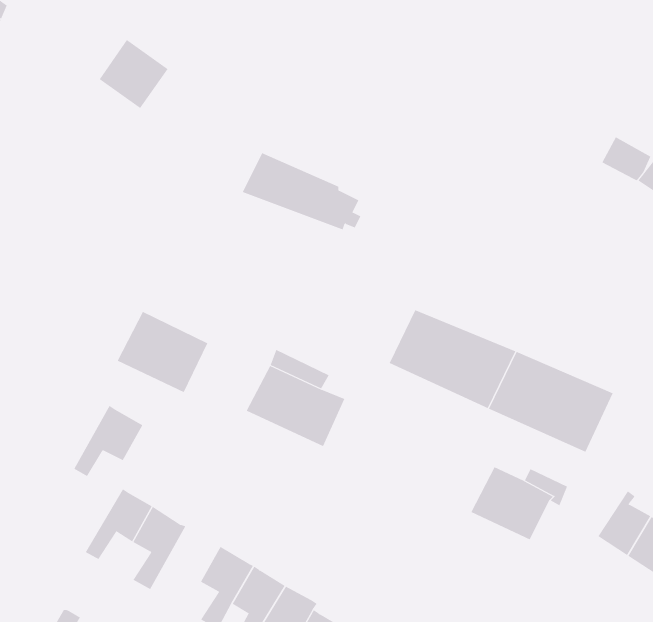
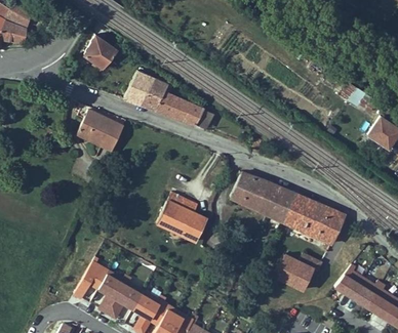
building: none -> [122,68,167,109]
building: [117,311,208,393] -> [76,107,123,149]
building: [74,405,143,477] -> [107,281,143,318]

